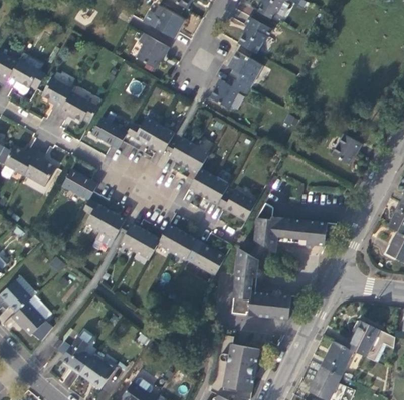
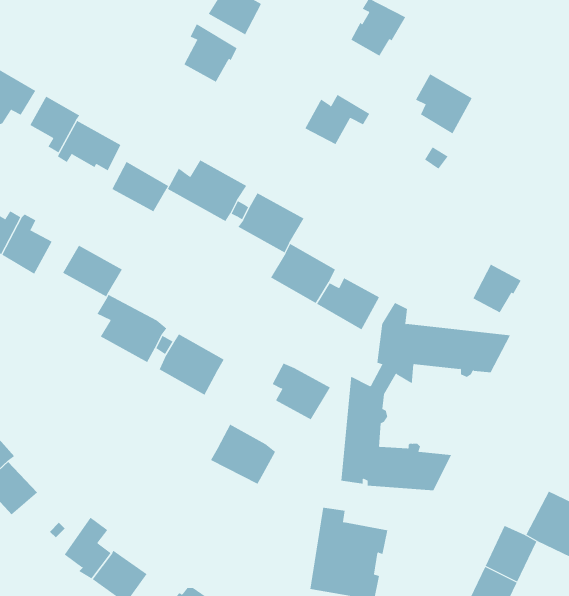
building: [227,52,262,89] -> [415,73,472,134]
building: [332,135,362,165] -> [472,264,521,313]
building: [157,225,197,262] -> [210,424,276,485]

